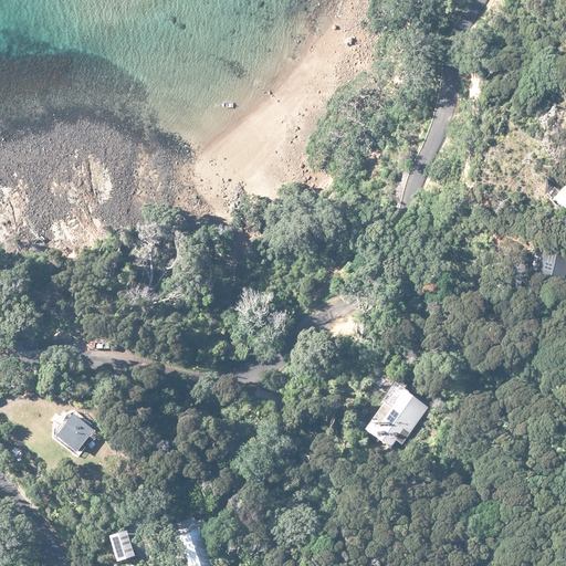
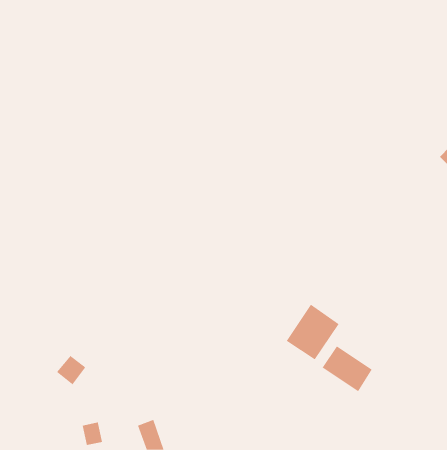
building: [56,415,94,452] -> [56,355,86,385]
building: none -> [322,346,373,392]

